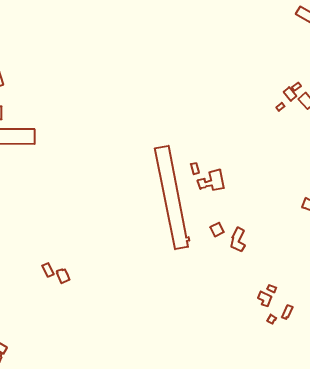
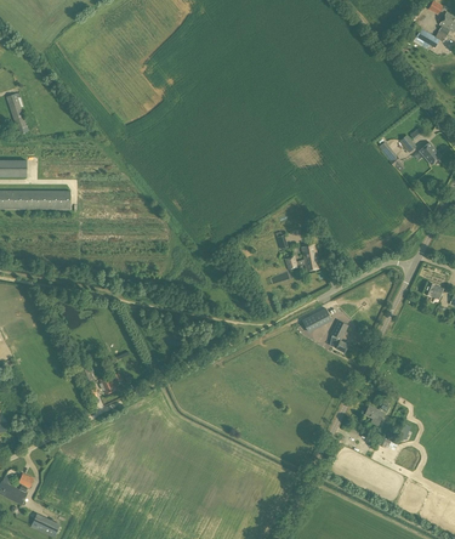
building: [155,146,189,249] -> none

